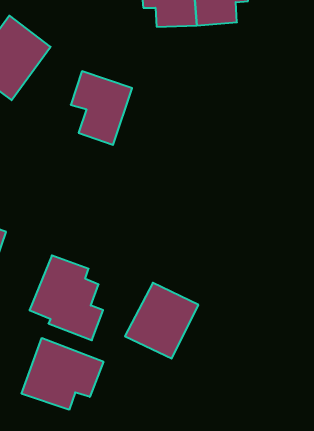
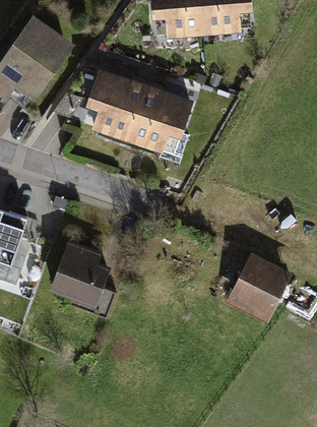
building: none -> [126,88,191,150]
building: [125,283,198,359] -> [225,254,292,323]
building: [22,338,103,410] -> none

